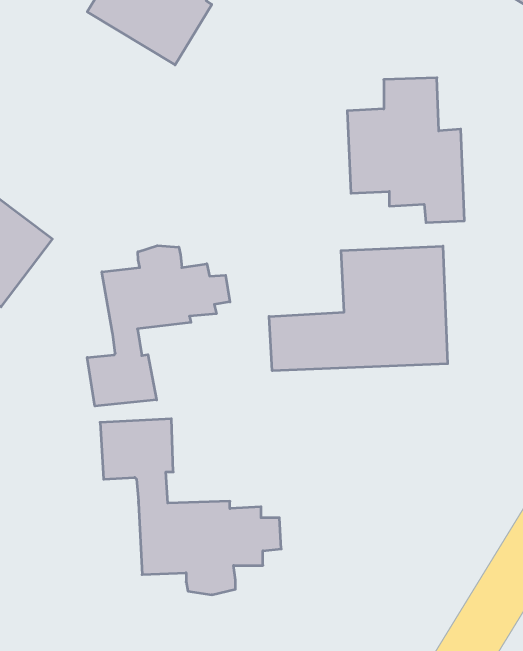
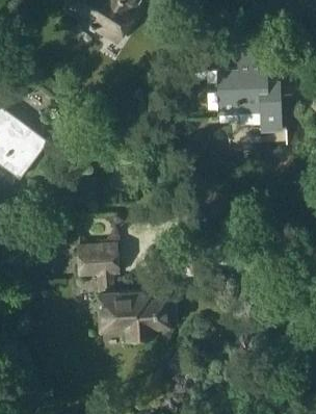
building: [87,246,230,406] -> none
building: [269,246,448,371] -> none

